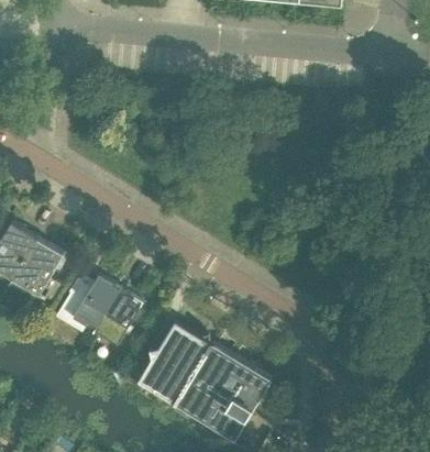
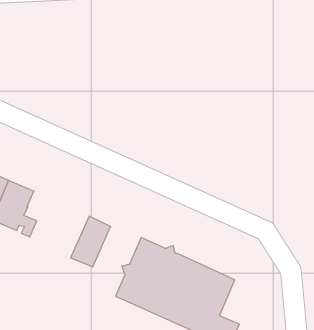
building: [54,276,119,333] -> none

